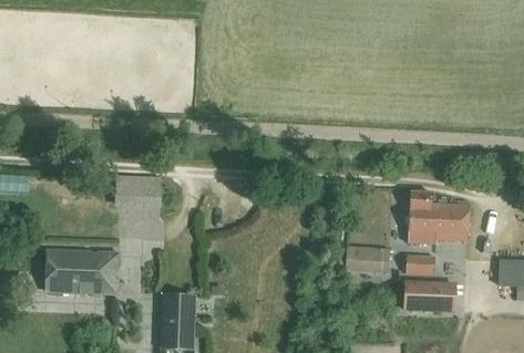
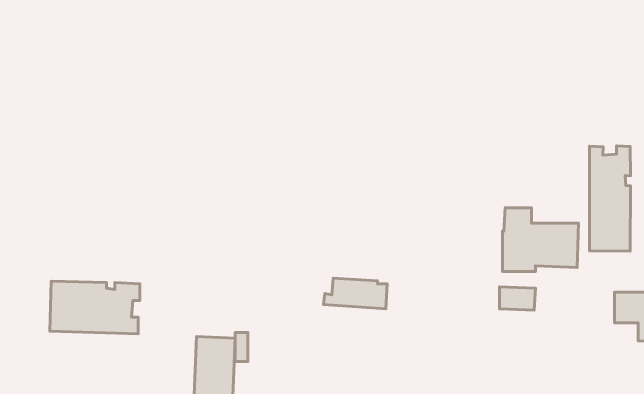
building: none -> [590,146,631,251]
building: [339,247,390,271] -> [324,278,387,309]
building: [404,282,443,310] -> none

